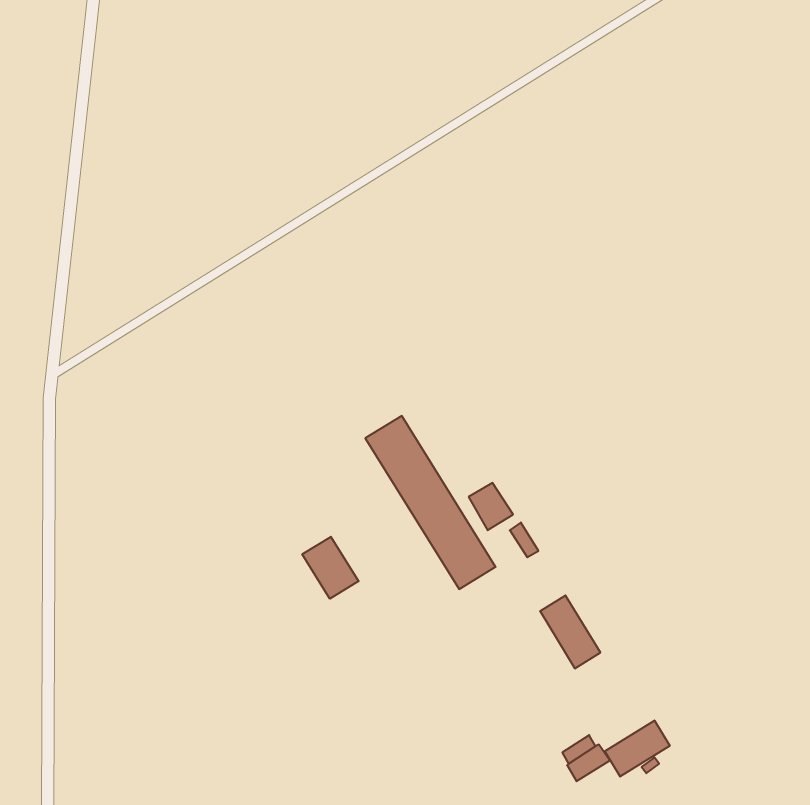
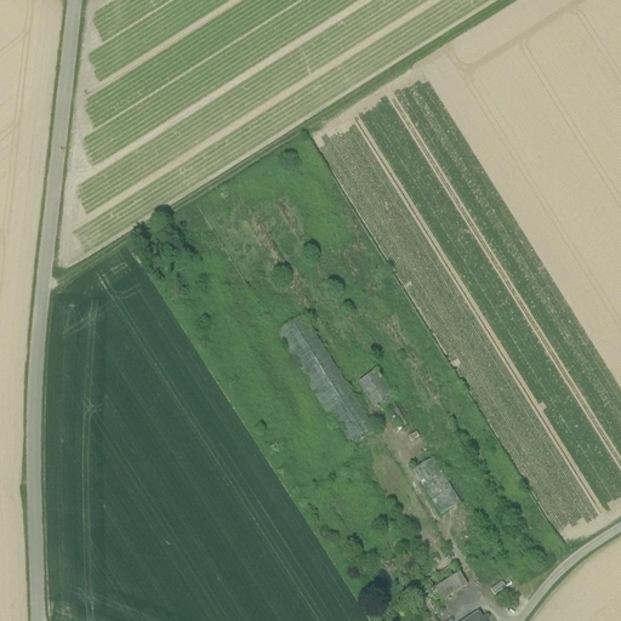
building: [302,537,359,599] -> none
building: [605,720,670,777] -> none

